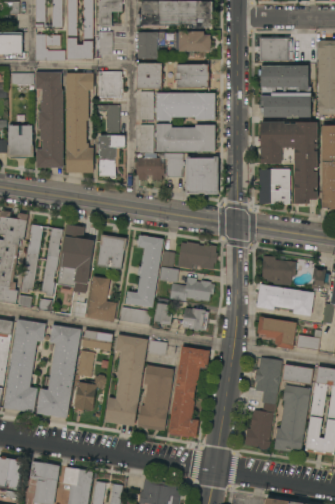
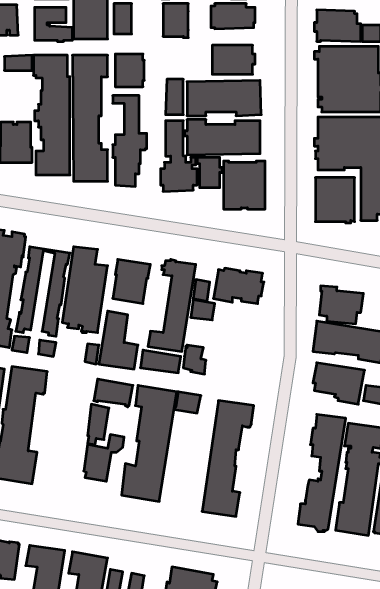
building: [137,62,164,88] -> none
building: [169,276,214,301] -> none
building: [182,307,208,330] -> none
building: [35,324,81,418] -> none
building: [137,365,174,430] -> none

